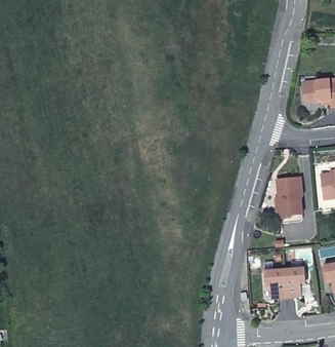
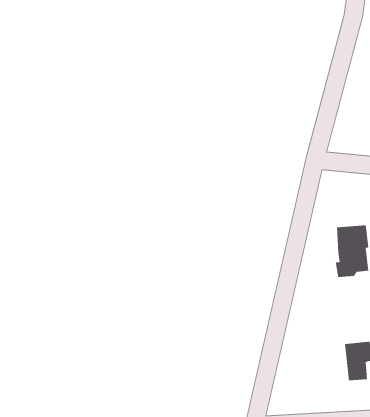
building: [263,270,286,300] -> none

